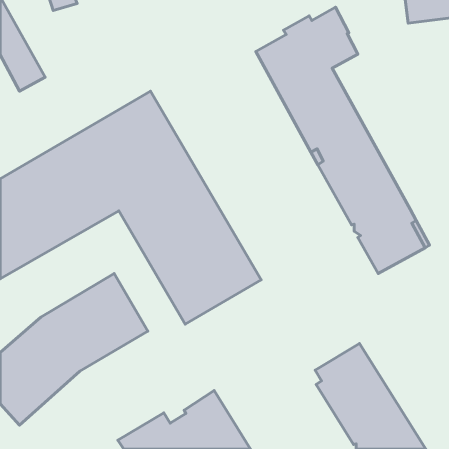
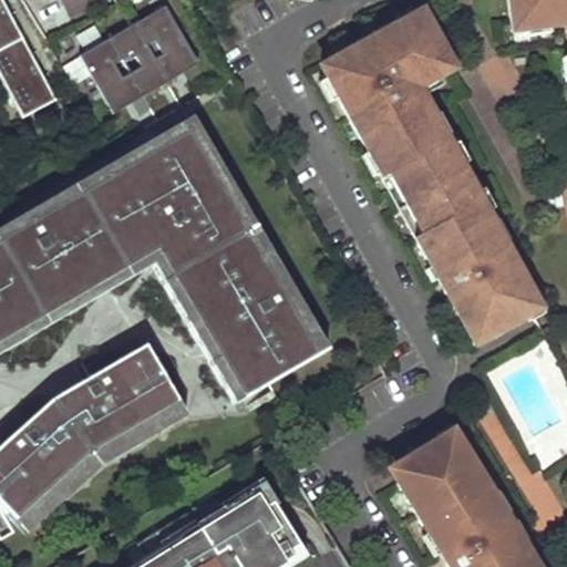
building: none -> [65,7,200,109]

